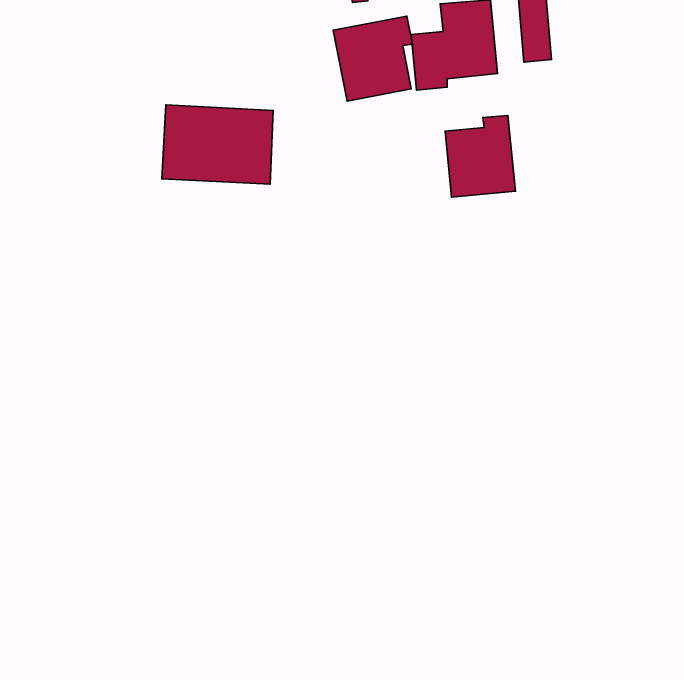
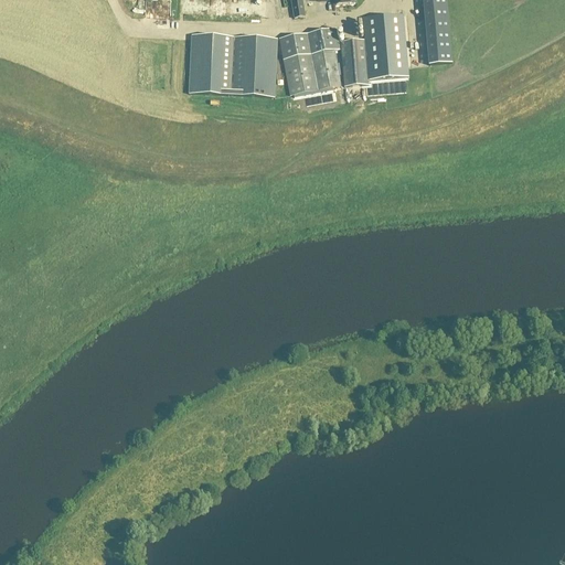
building: [162,105,273,184] -> [188,33,276,96]
building: [445,115,515,197] -> none

